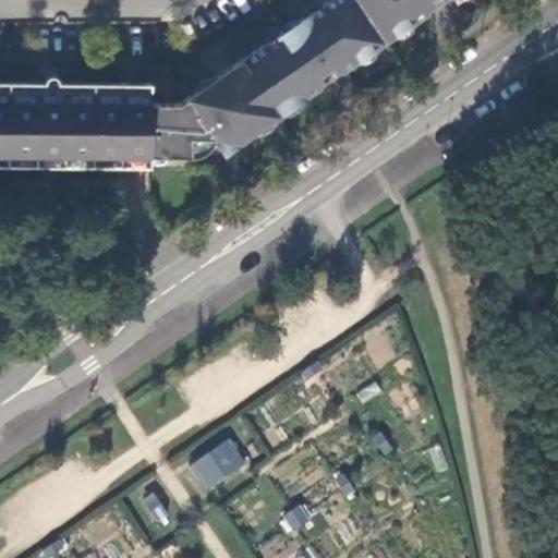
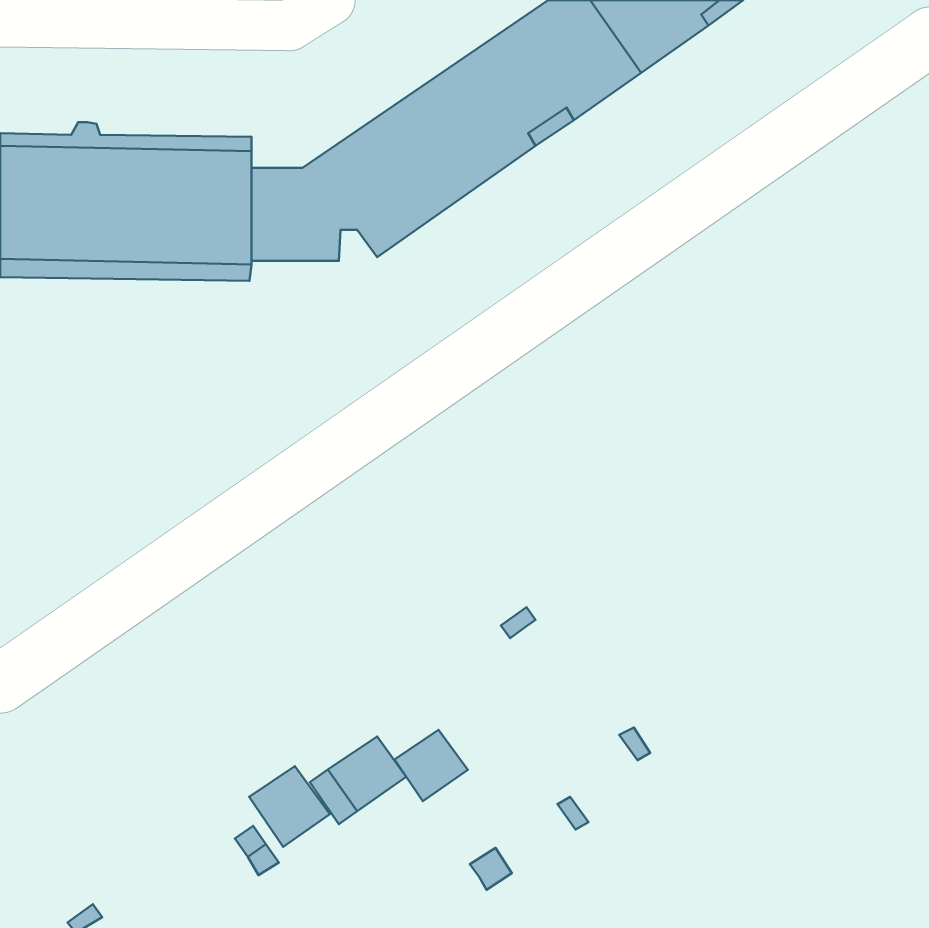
building: none -> [394,730,468,801]
building: none -> [249,766,330,847]

